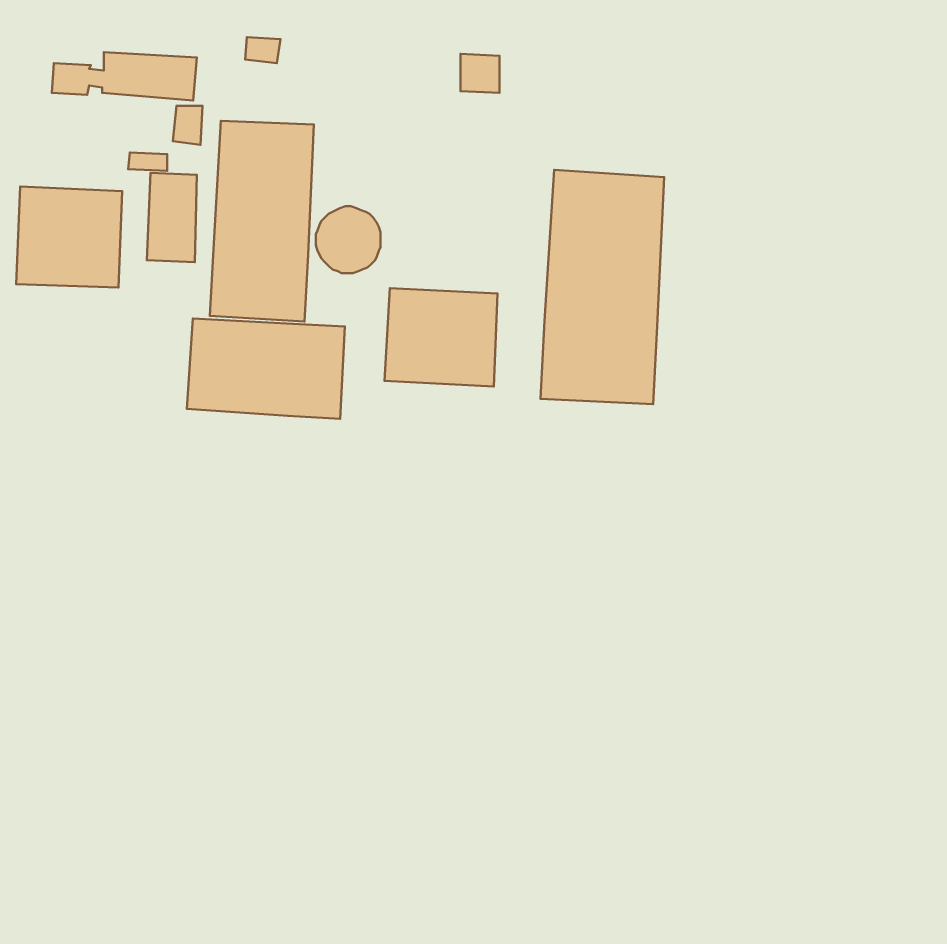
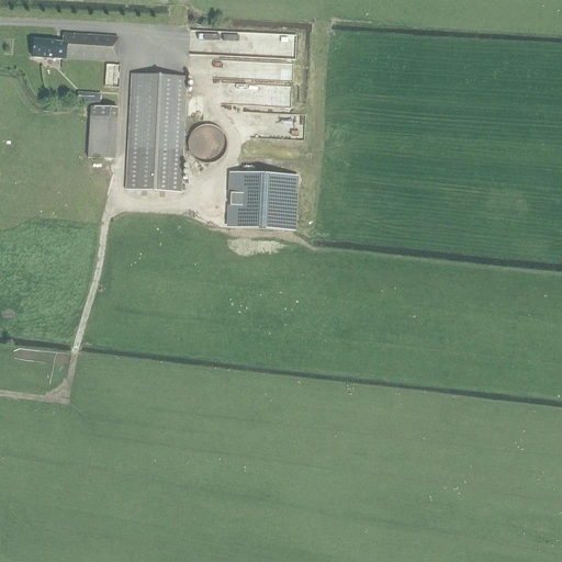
building: [541,170,664,404] -> none
building: [16,186,122,287] -> none
building: [187,318,345,419] -> none

